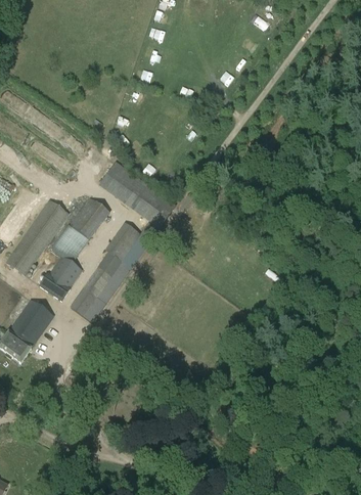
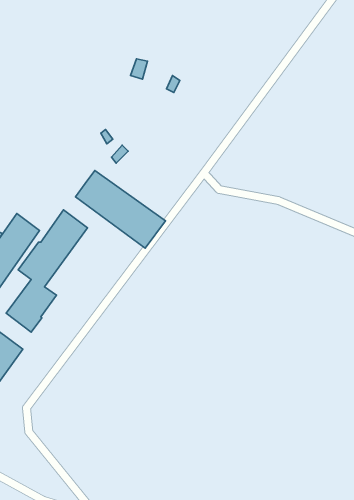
building: [70,222,140,322] -> none

